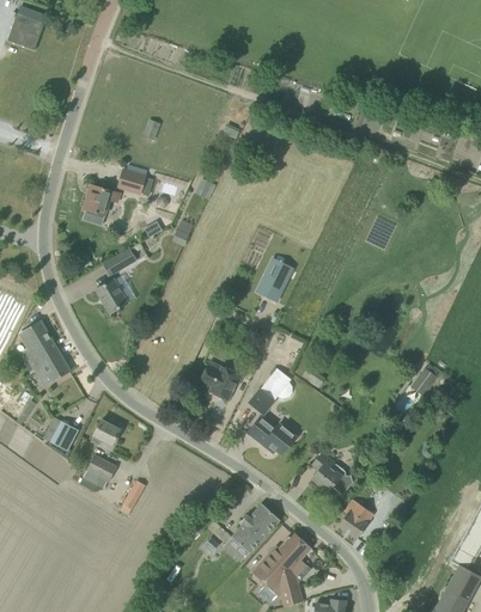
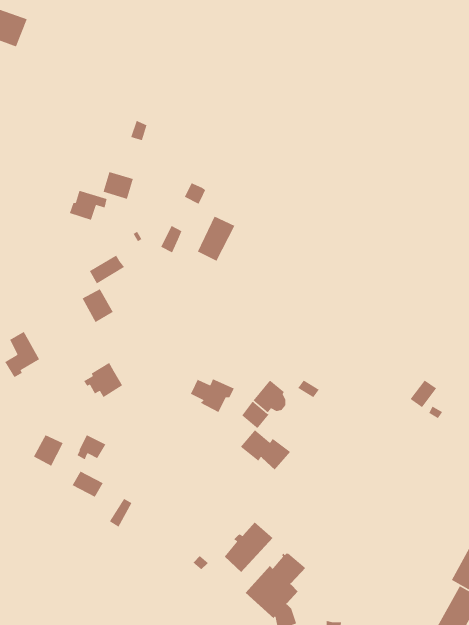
building: [256,257,293,301] -> [197,216,235,262]
building: [31,348,69,382] -> [83,362,123,398]
building: [311,451,353,495] -> none
building: [339,498,372,538] -> none

